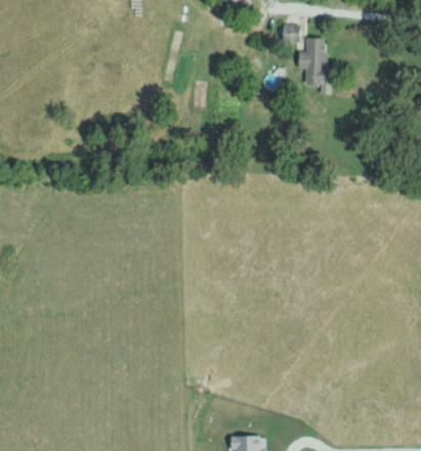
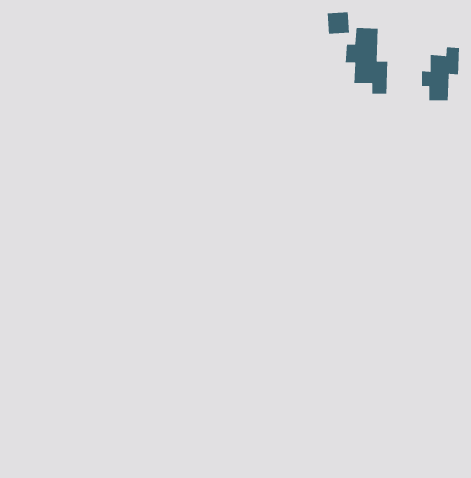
building: none -> [421,47,460,101]

